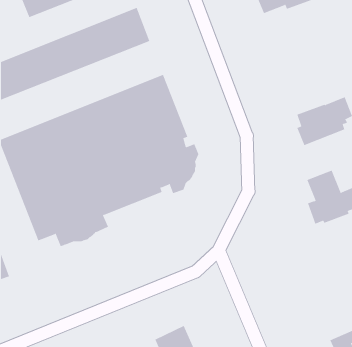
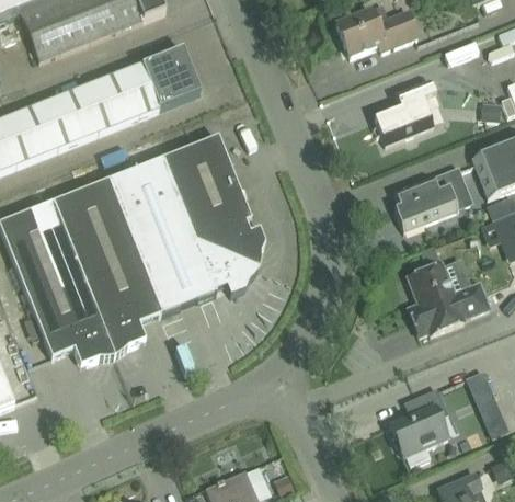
building: none -> [375,78,436,142]
building: none -> [390,387,448,464]

